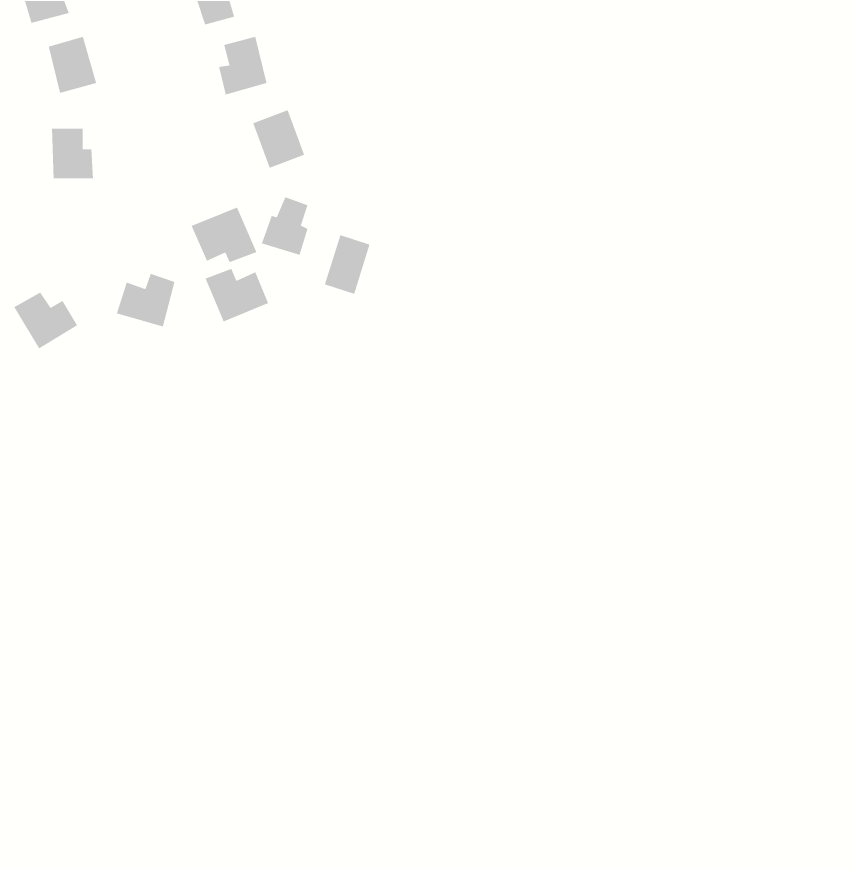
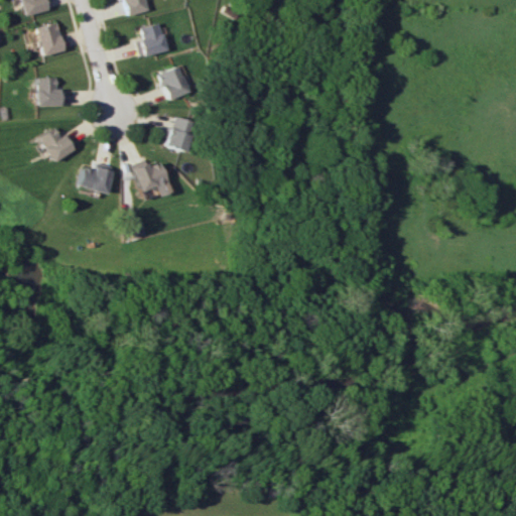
building: [191,206,258,263] -> none
building: [324,234,371,295] -> none
building: [13,291,78,349] -> [40,128,79,162]

